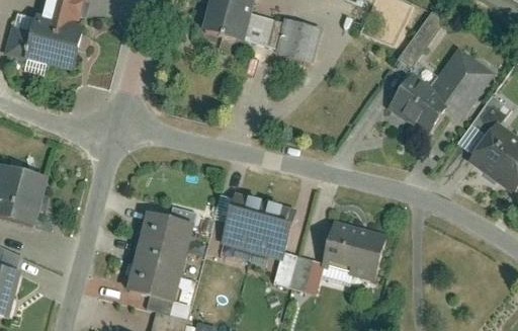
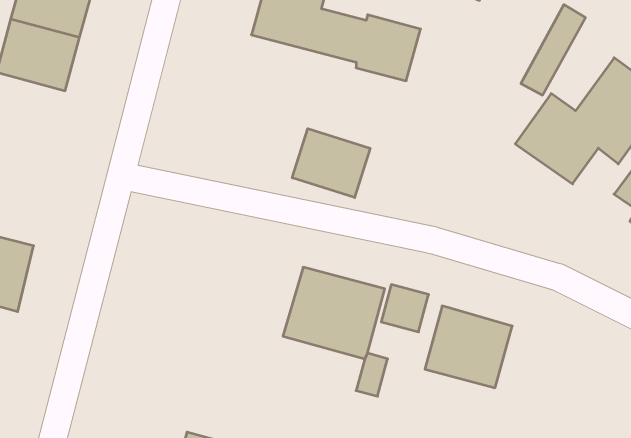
building: none -> [292,129,370,198]
building: [127,215,192,301] -> none
building: [289,259,323,293] -> [381,285,429,332]

